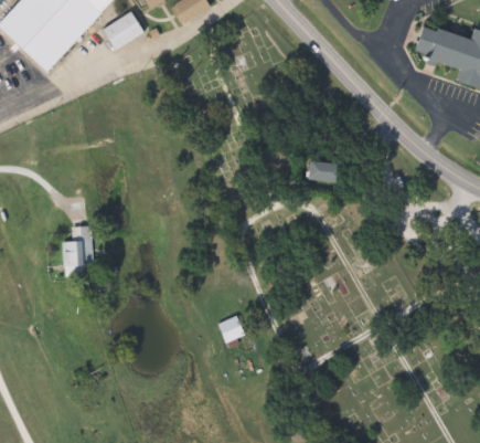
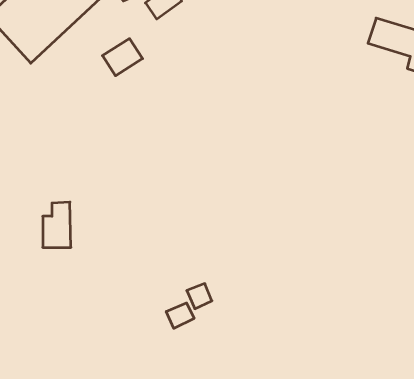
building: [99,11,143,52] -> [102,39,143,76]
building: [308,159,345,180] -> none
building: none -> [166,303,194,328]

